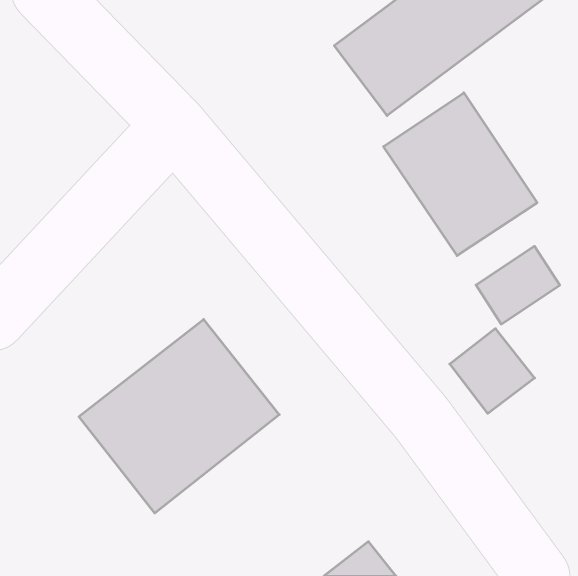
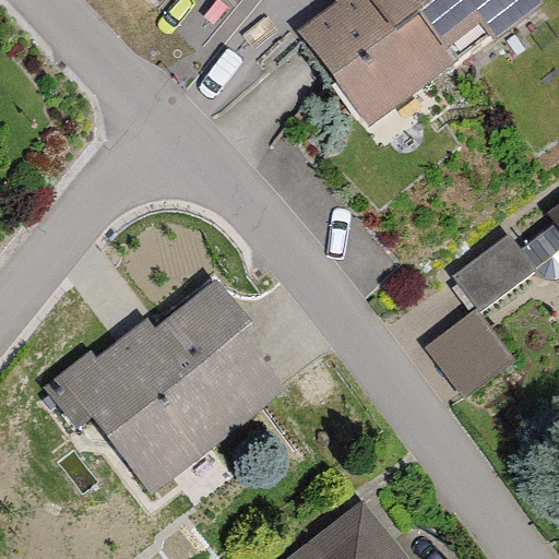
building: [384,93,537,256] -> none

